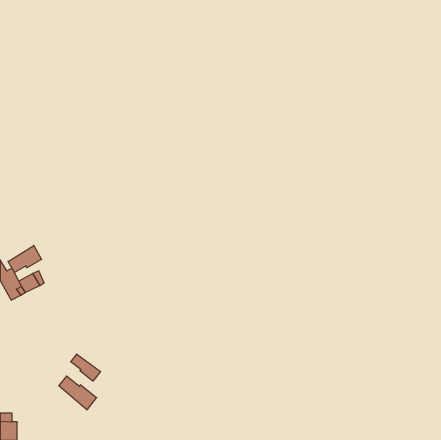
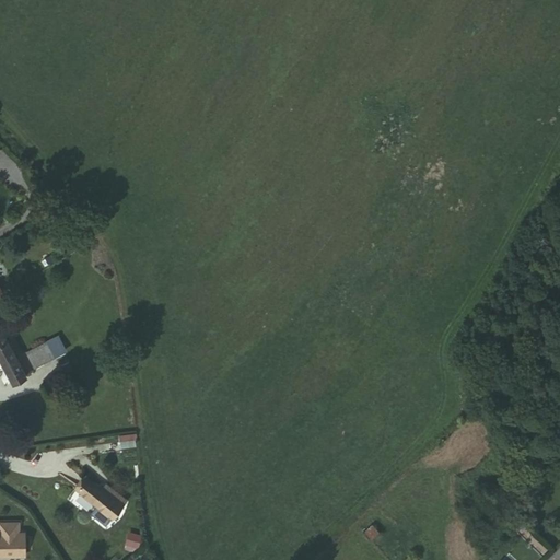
building: [8,245,42,272] -> none
building: [71,354,100,381] -> none

